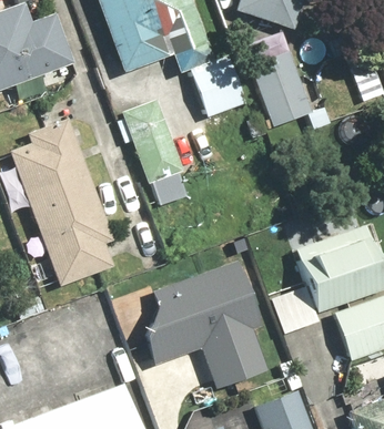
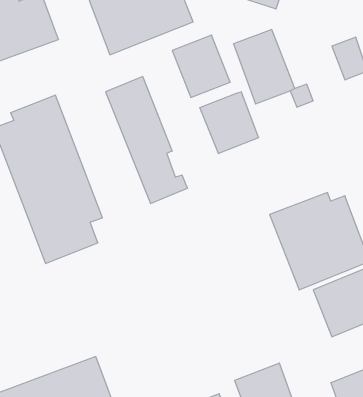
building: none -> [200,92,258,154]
building: [134,259,269,390] -> none

